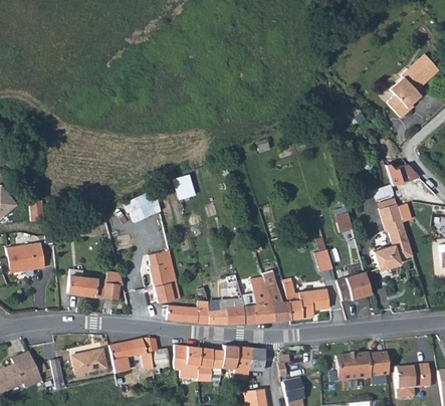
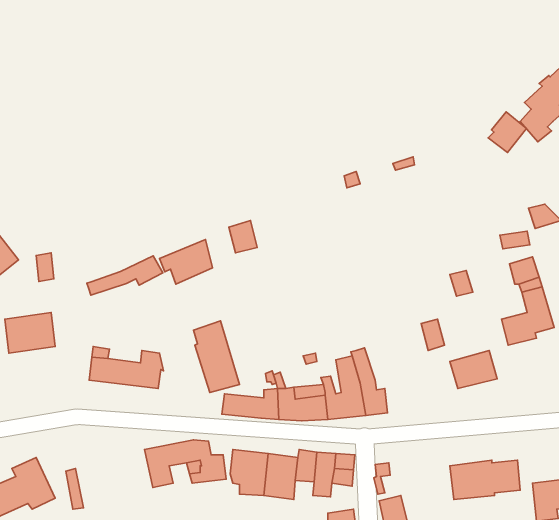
building: none -> [488,112,526,153]
building: none -> [87,256,163,295]
building: [283,280,327,318] -> none
building: [72,350,105,374] -> none

